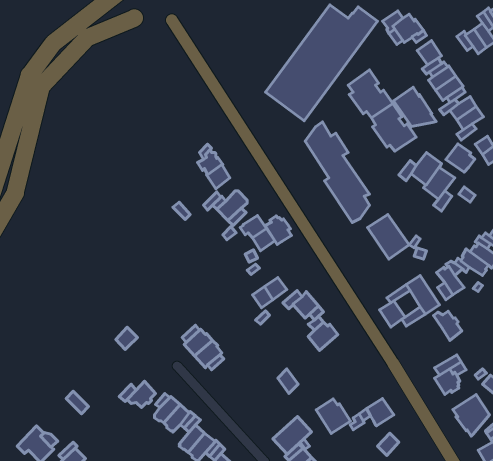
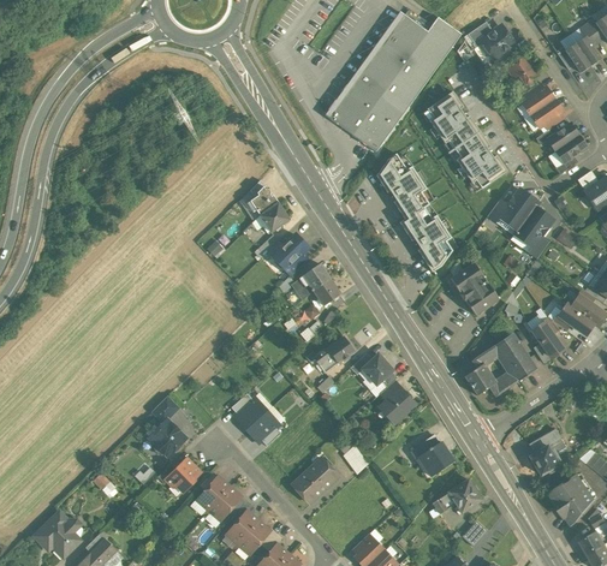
building: [394,87,436,126] -> none
building: [446,144,475,172] -> none
building: [265,216,291,245] -> none
building: [433,311,462,340] -> none
building: none -> [153,418,184,455]
building: [316,399,351,433] -> [412,435,453,476]
building: [273,416,312,454] -> [292,458,338,502]

